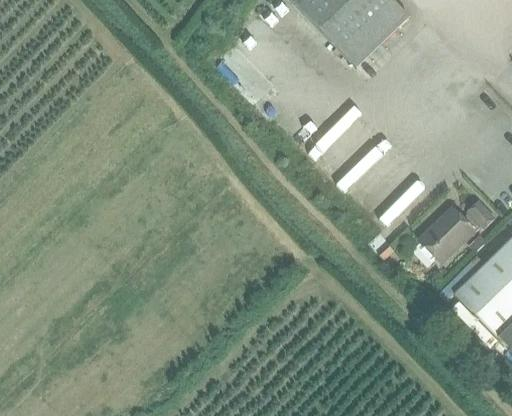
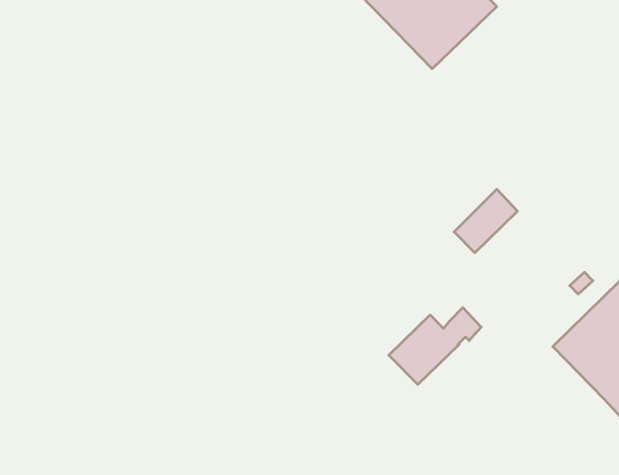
building: [418,201,494,264] -> [389,308,481,384]

